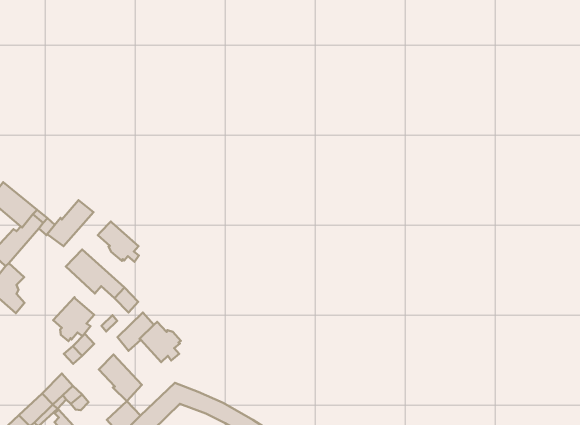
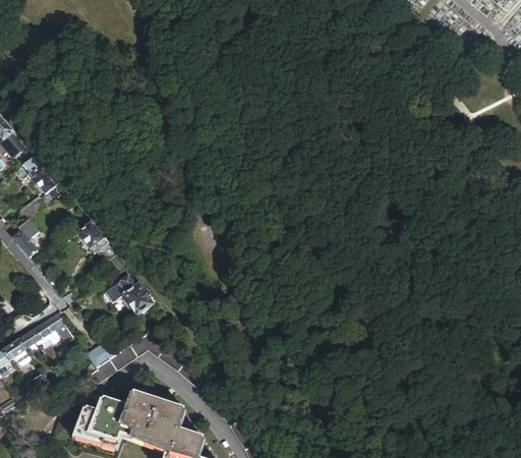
building: [47,200,93,246] -> none
building: [98,221,139,262] -> none
building: [53,297,94,341] -> none
building: [99,355,142,401] -> none

